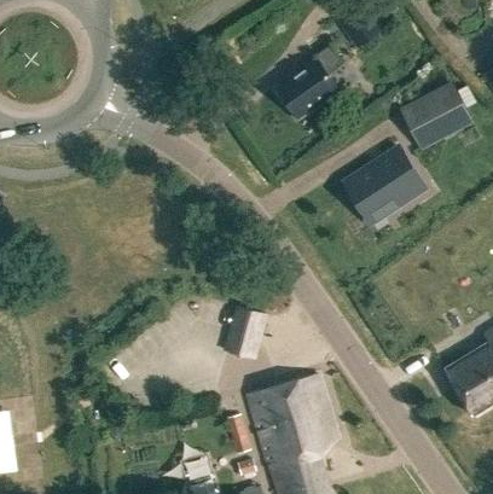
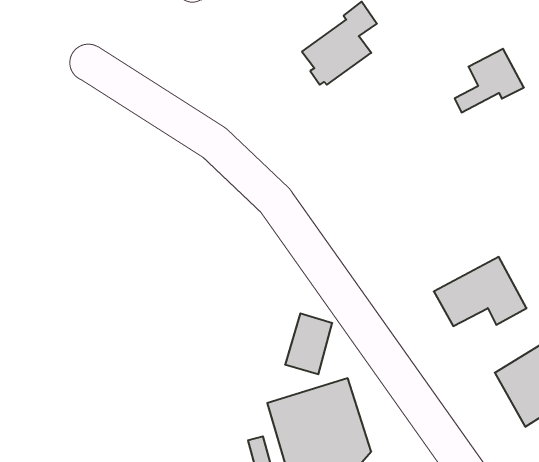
building: [341,156,422,216] -> [434,257,527,326]
building: [225,306,266,359] -> [285,313,332,374]

